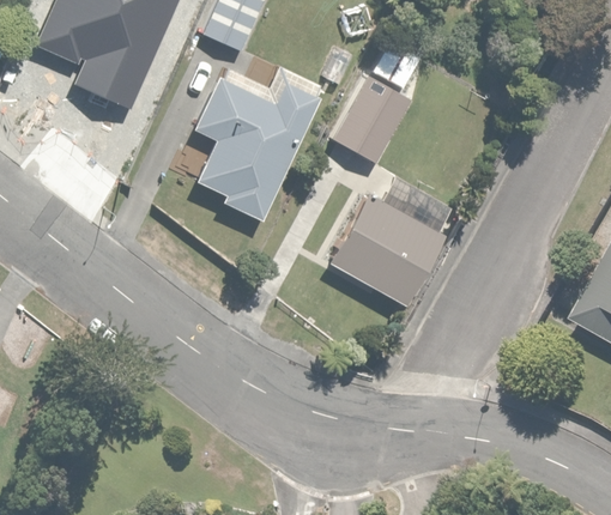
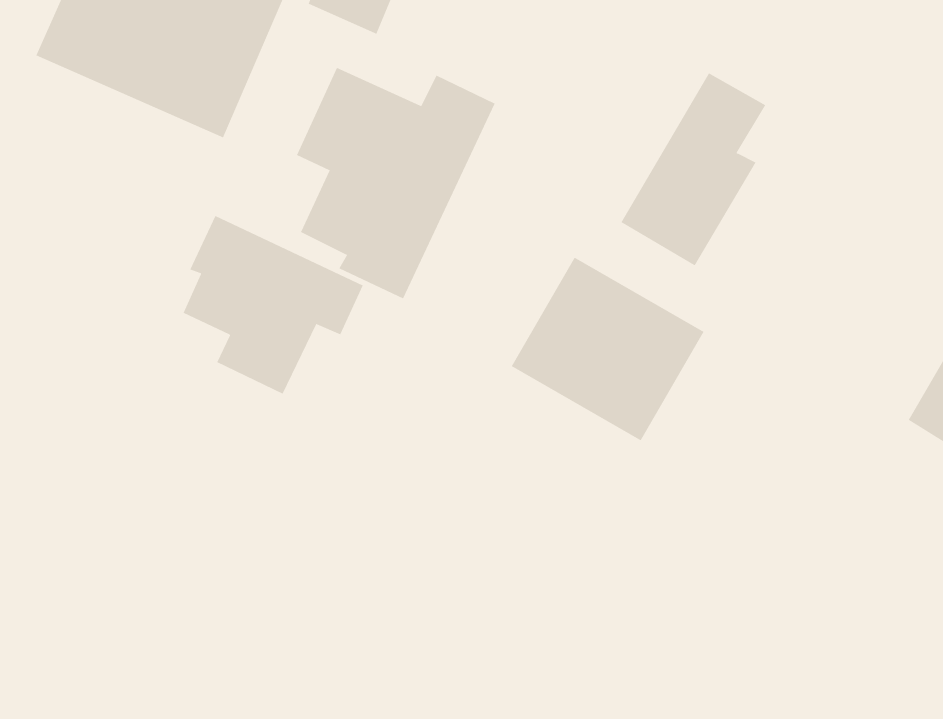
building: [329,40,421,160] -> [620,72,766,266]
building: none -> [183,215,363,395]

